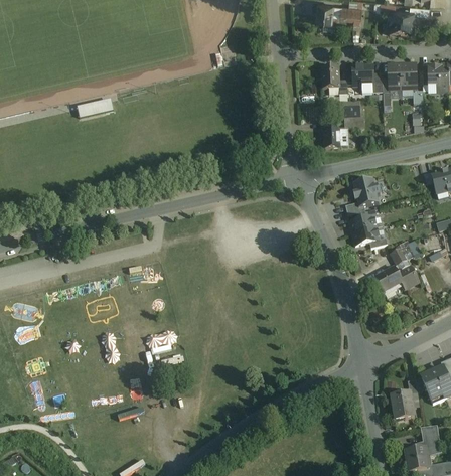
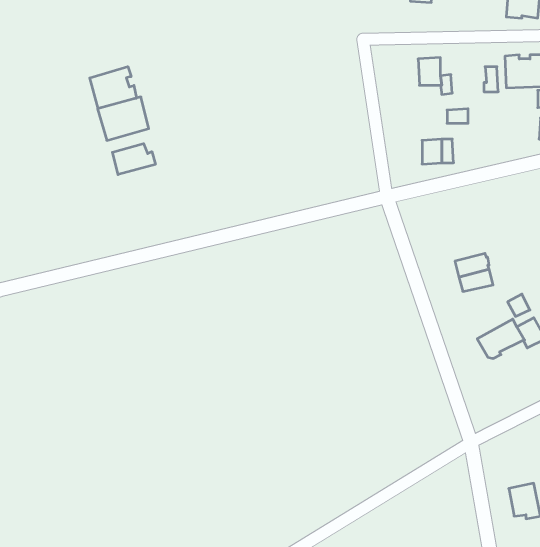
building: [352,64,373,86] -> none
building: none -> [90,67,136,109]
building: none -> [112,144,155,175]
building: [352,177,379,205] -> none

